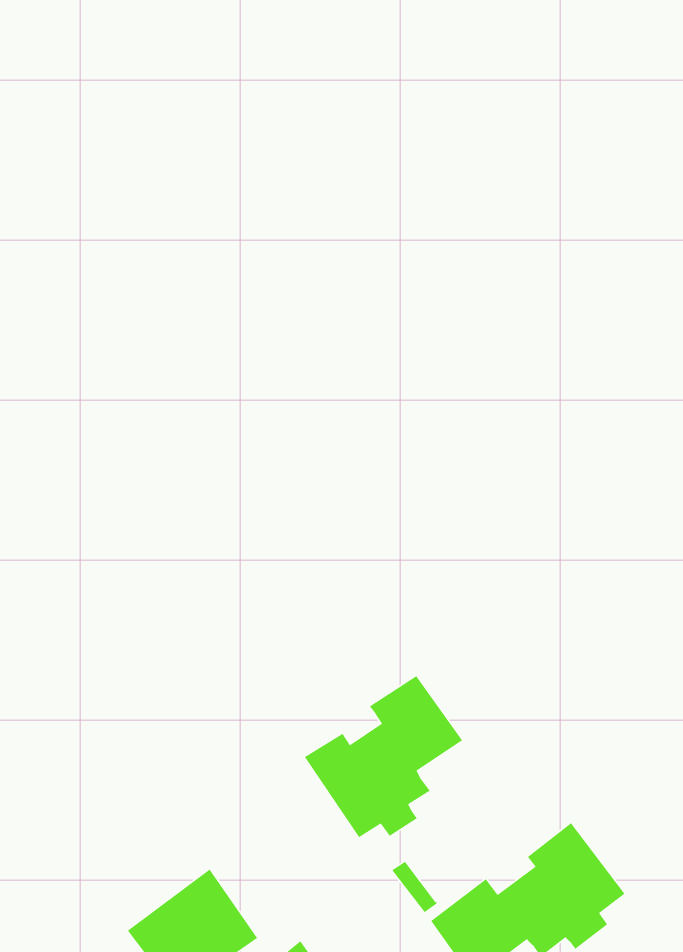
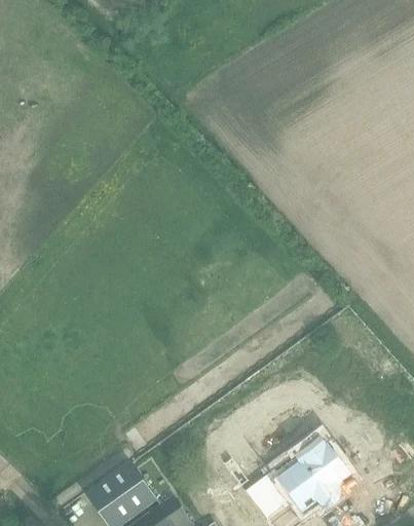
building: [304,675,463,838] -> none

